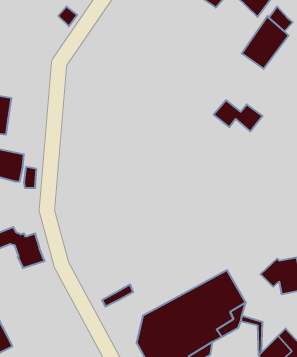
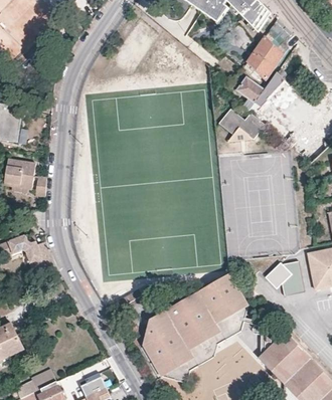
building: none -> [238,77,264,111]

